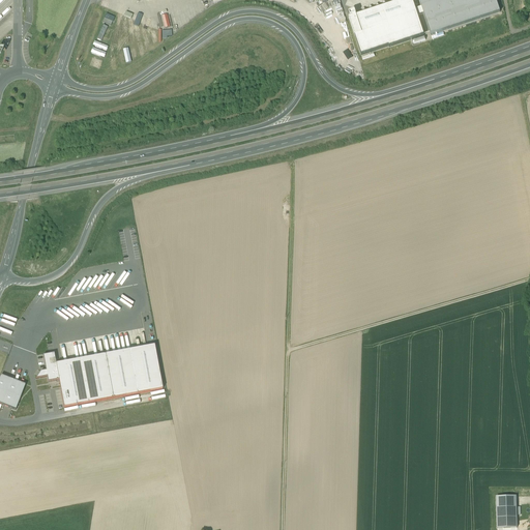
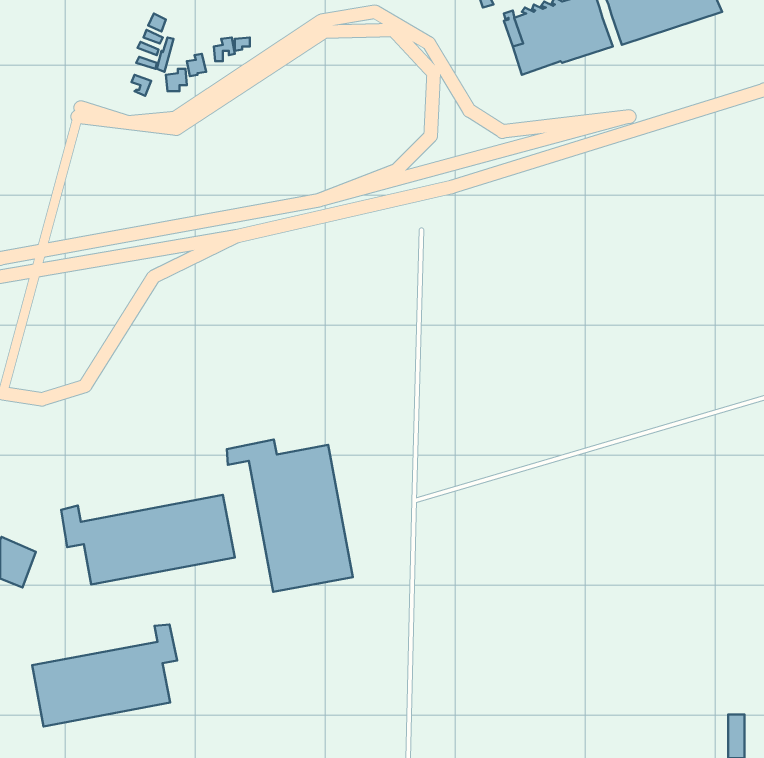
building: none -> [227,439,353,592]
building: none -> [32,624,177,726]

